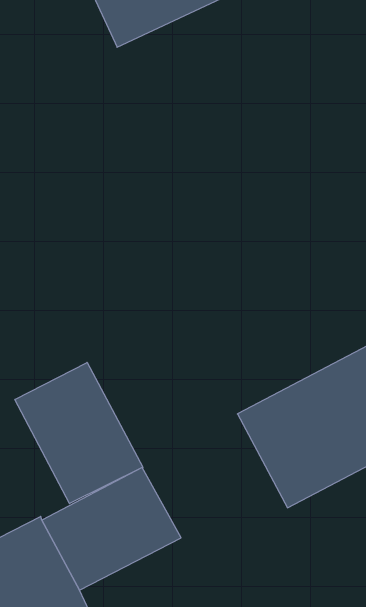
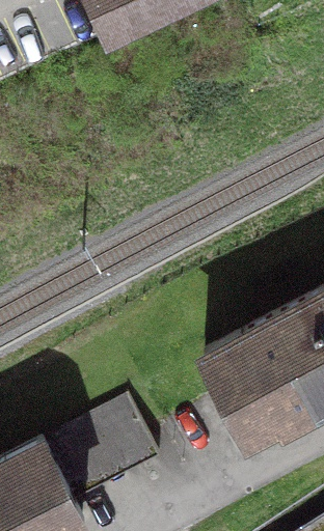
building: [15,362,143,504] -> none

